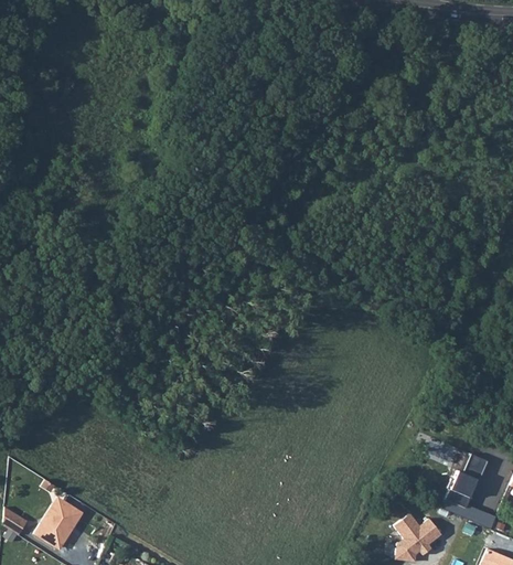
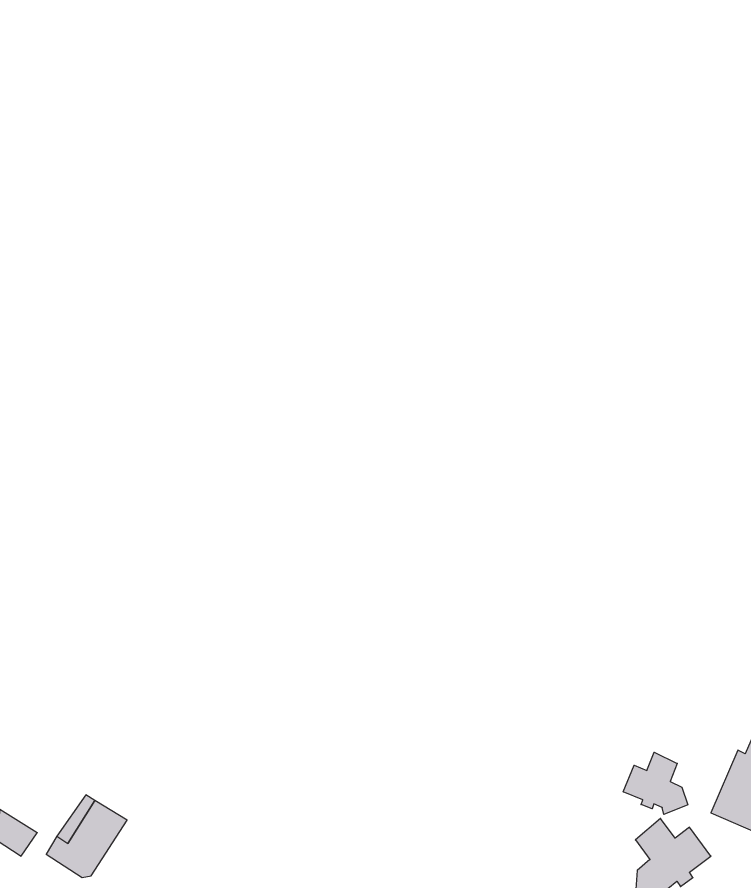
building: none -> [623,752,688,814]

